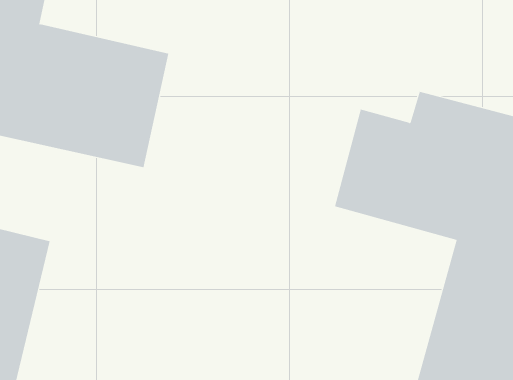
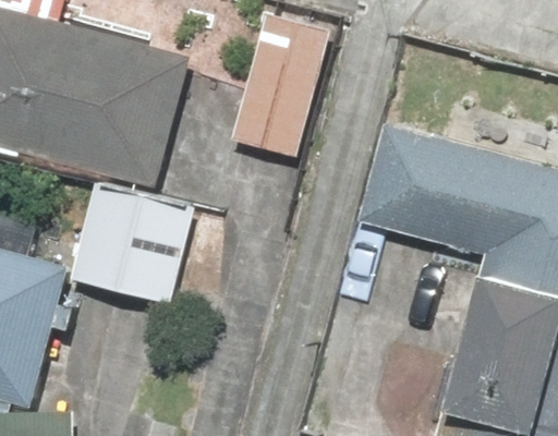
building: none -> [233,14,331,157]
building: none -> [75,184,194,304]

